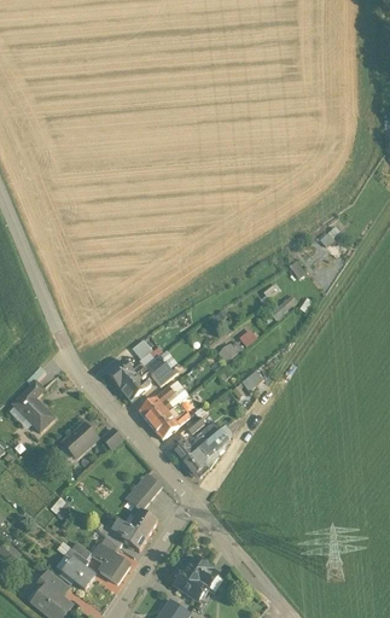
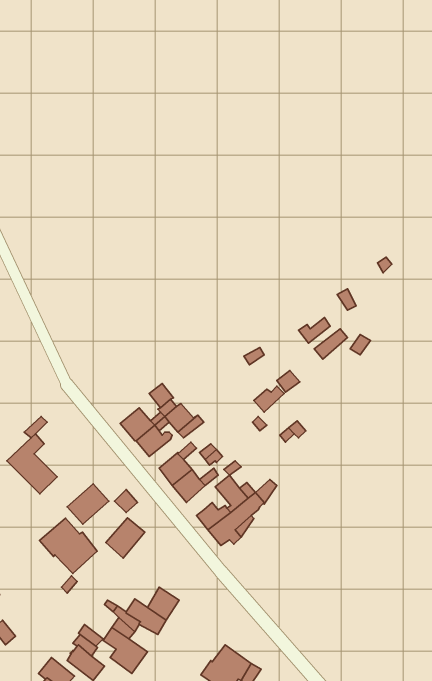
building: none -> [40,518,97,574]
building: [128,473,161,507] -> [106,518,145,558]

